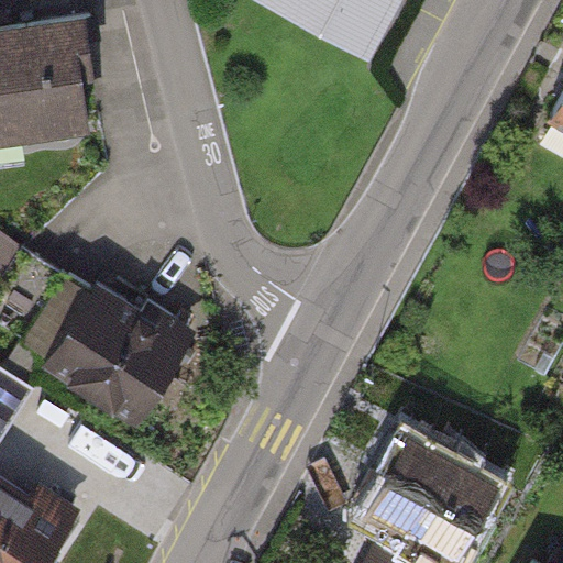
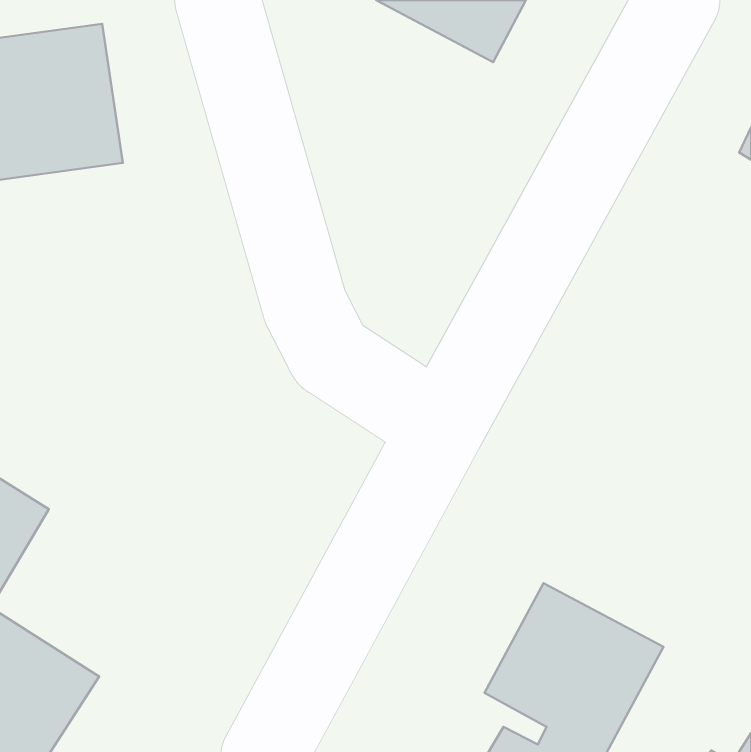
building: [47,288,181,422] -> none

